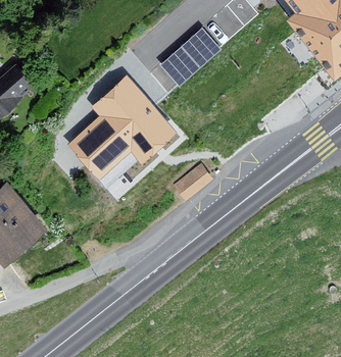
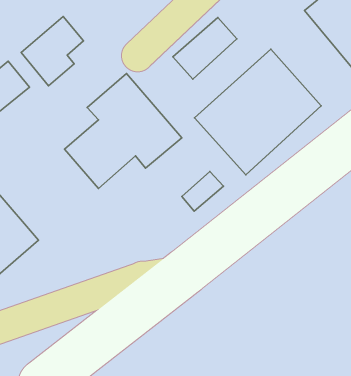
building: none -> [21,17,84,86]
building: none -> [194,49,321,175]

